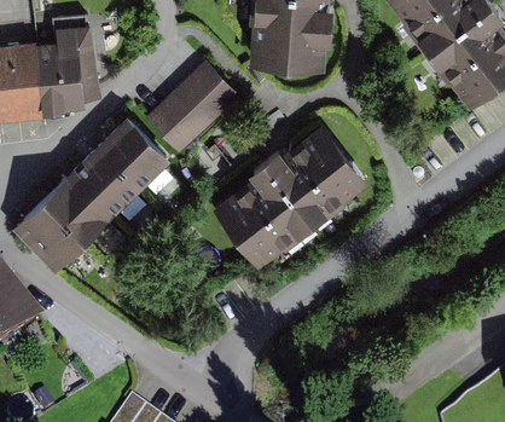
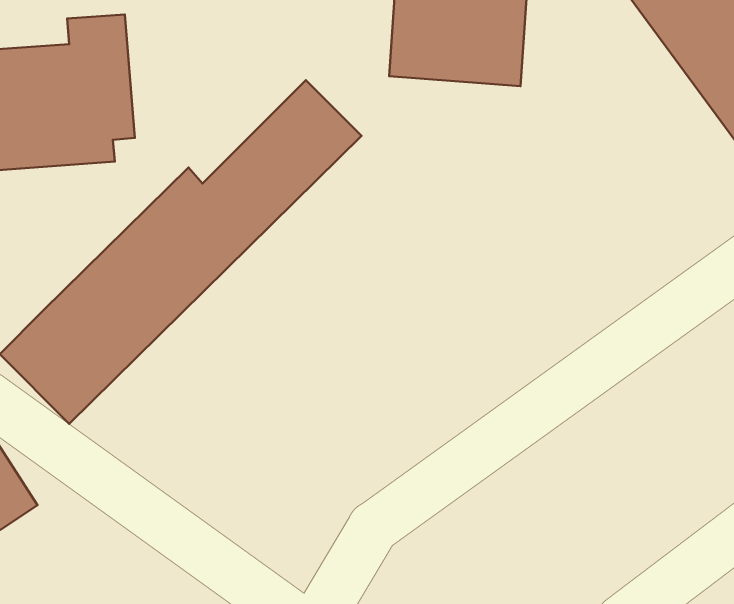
building: [216,125,367,266] -> none

